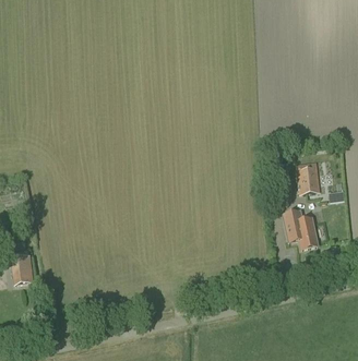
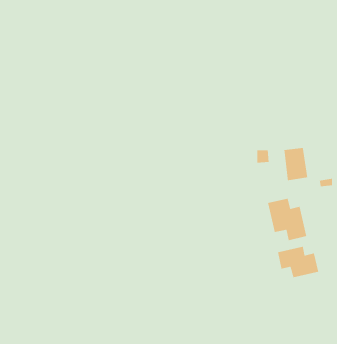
building: none -> [277,246,319,278]

